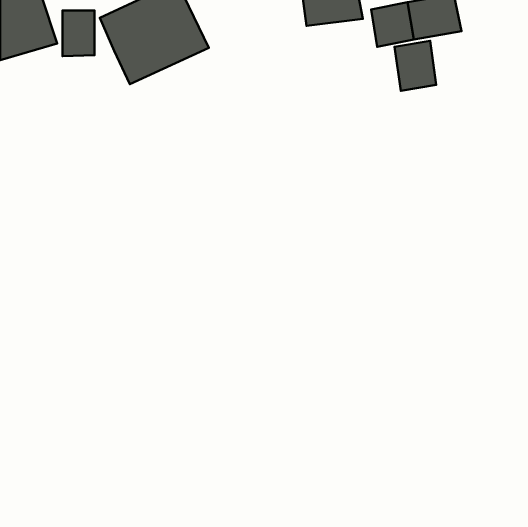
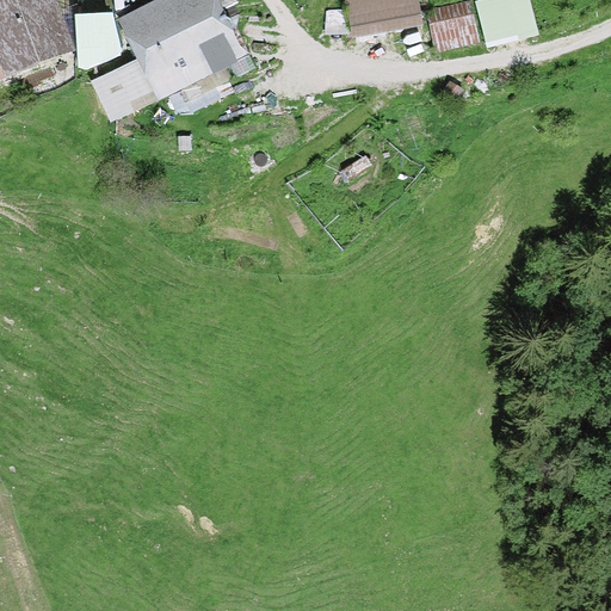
building: [395,41,436,91] -> none
building: none -> [88,58,153,119]

